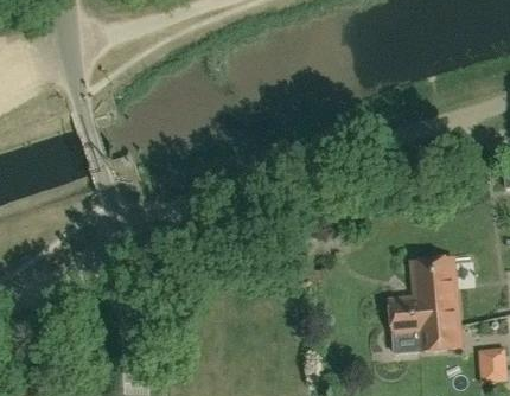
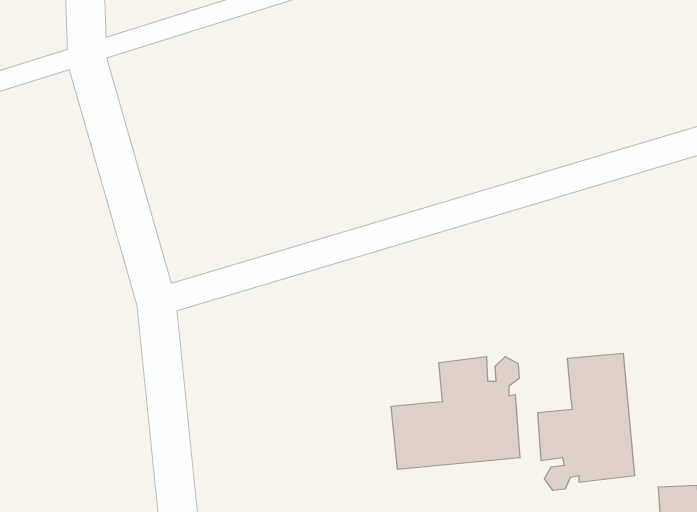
building: none -> [391,357,520,470]

